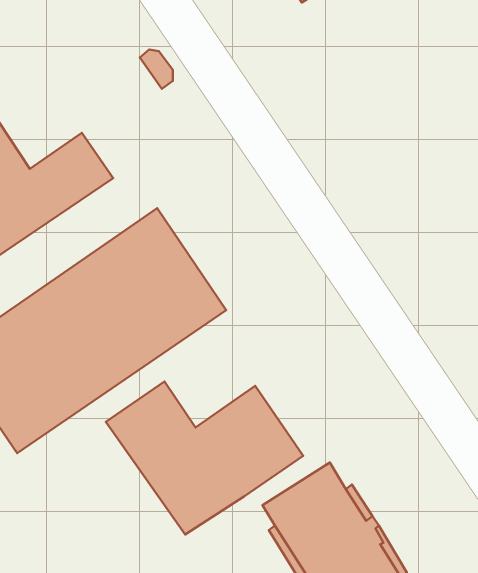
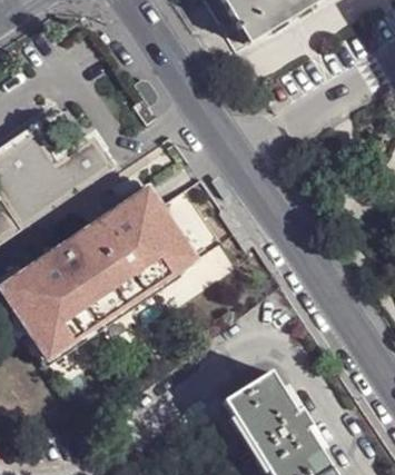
building: [106,382,303,534] -> none

